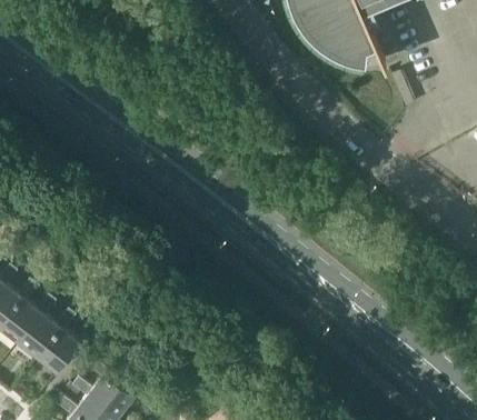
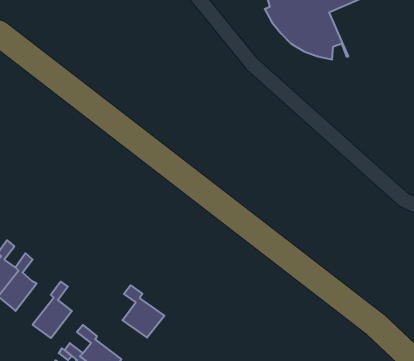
building: [19,298,61,360] -> none
building: none -> [122,285,164,338]

